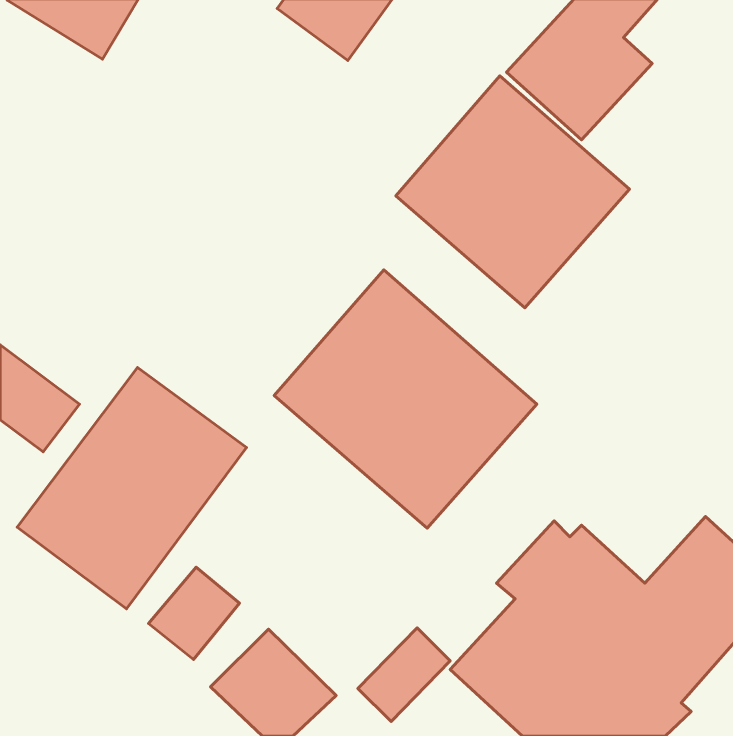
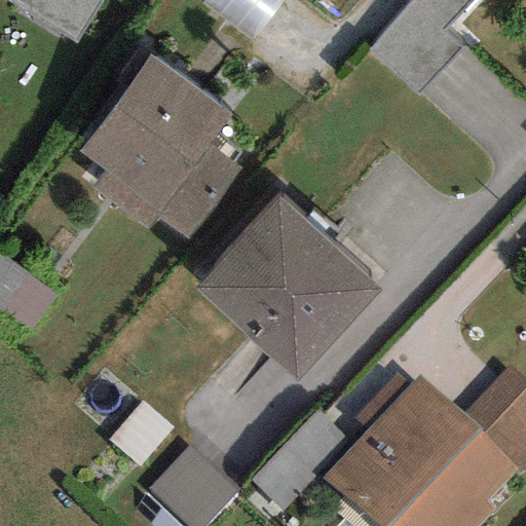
building: none -> [76,51,240,240]
building: [396,76,630,308] -> none
building: [17,367,246,609] -> none

